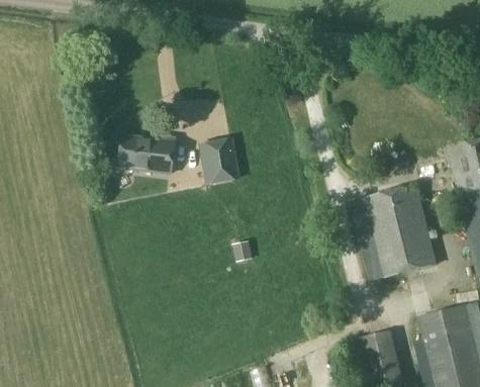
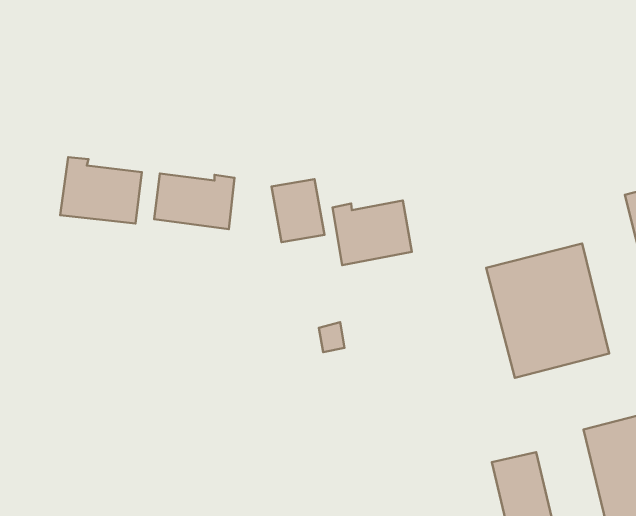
building: none -> [60,157,142,224]
building: none -> [333,201,412,265]

